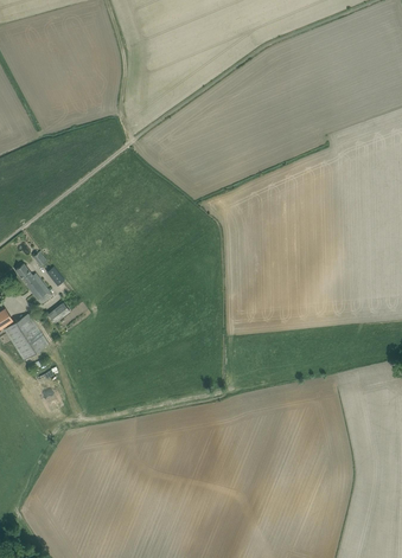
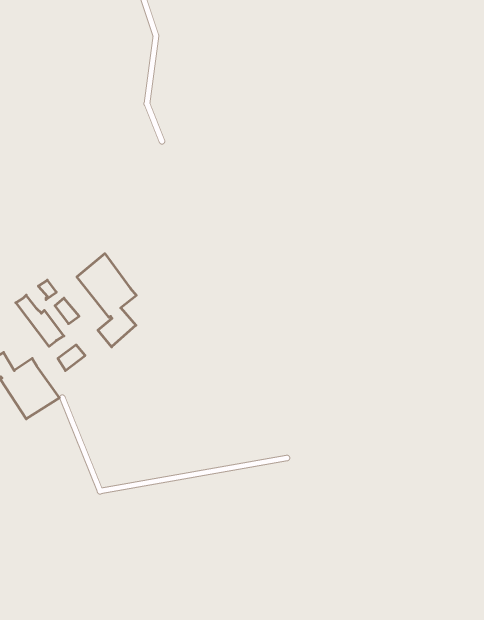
building: none -> [77,254,136,347]

